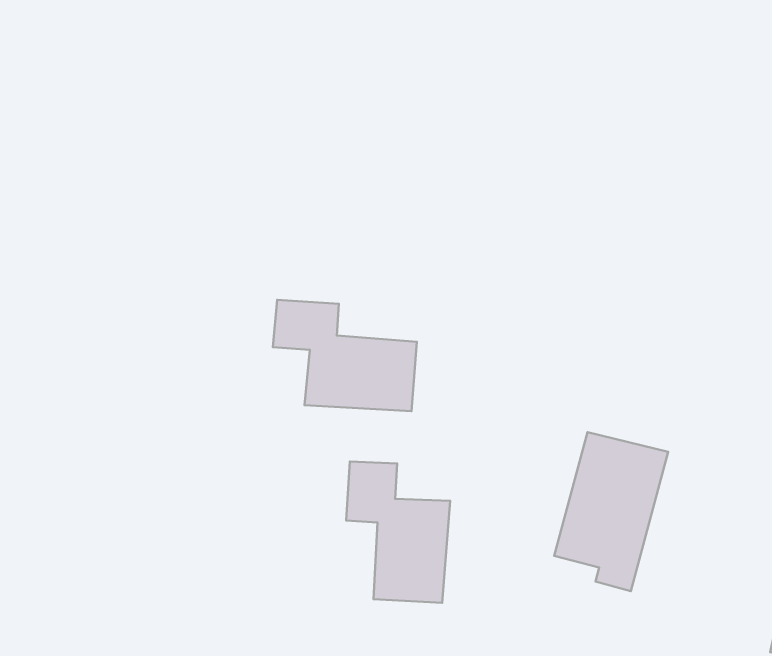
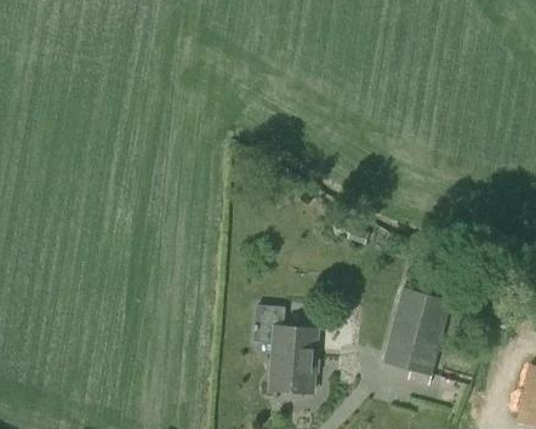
building: [273,300,417,411] -> none

